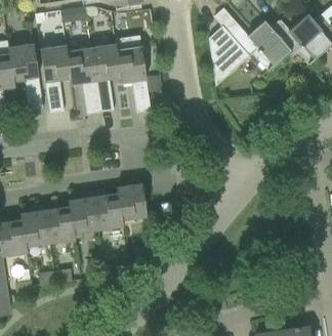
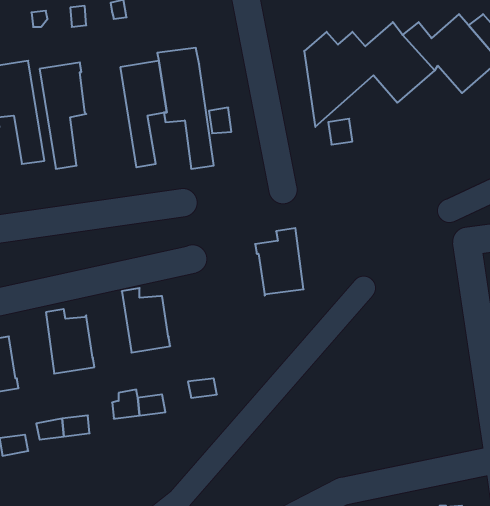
building: [67,47,102,113] -> none
building: [117,176,148,219] -> [255,228,304,296]
building: [69,190,99,233] -> none
building: [20,203,50,245] -> none

